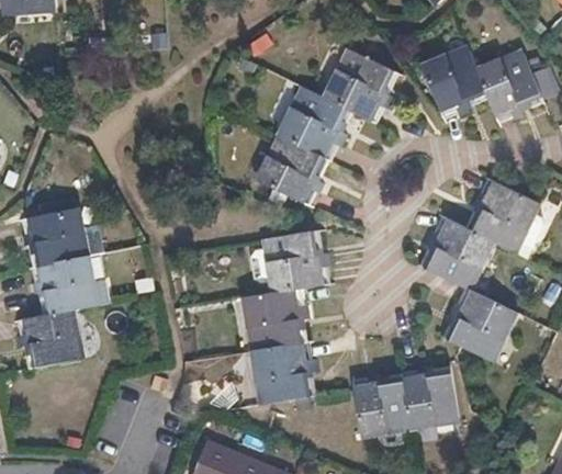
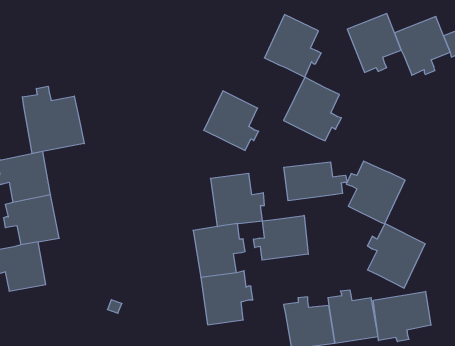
building: [282,89,348,161] -> [284,77,341,141]
building: none -> [22,86,84,153]
building: [472,180,537,251] -> none
building: none -> [284,162,347,201]
building: none -> [254,215,308,260]
building: none -> [373,291,431,342]

